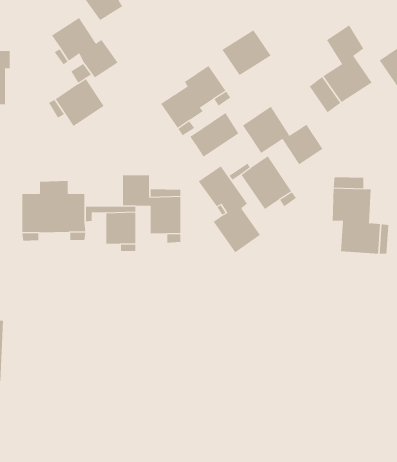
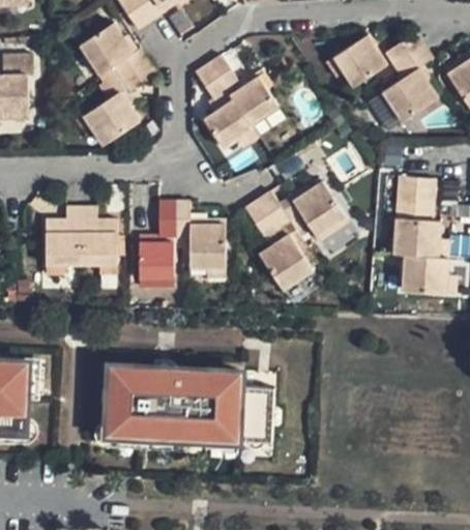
building: [222,30,271,76] -> [333,35,389,87]
building: none -> [194,54,239,100]
building: [242,106,323,165] -> none
building: [189,112,239,157] -> none
building: none -> [395,176,432,204]
building: none -> [106,367,273,445]

